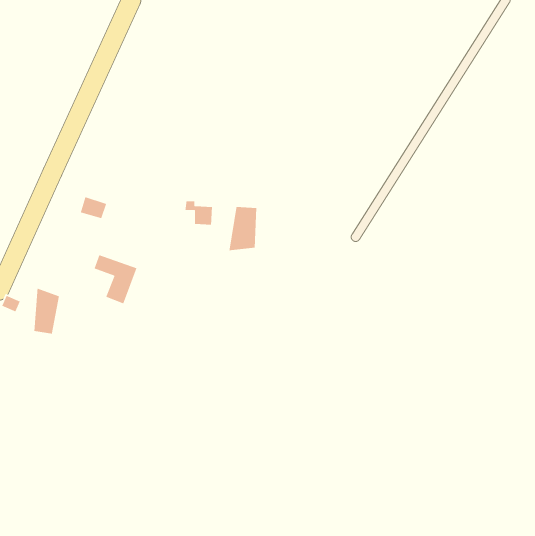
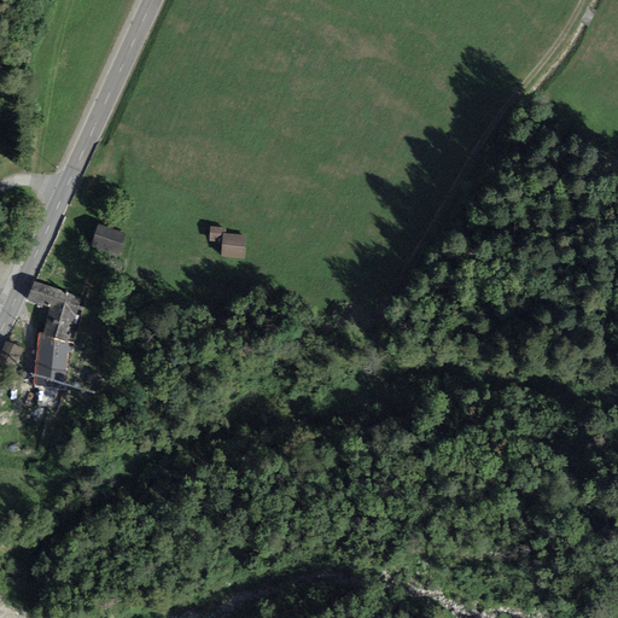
building: [228,206,257,251] -> none
building: [94,254,138,304] -> [29,281,80,339]

